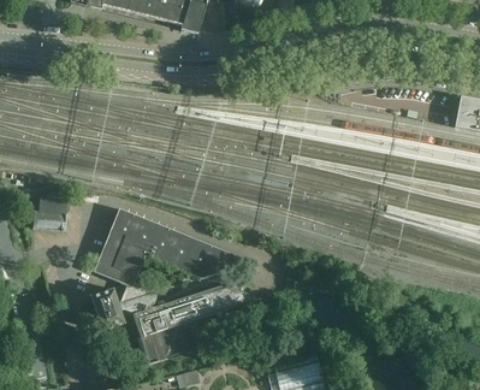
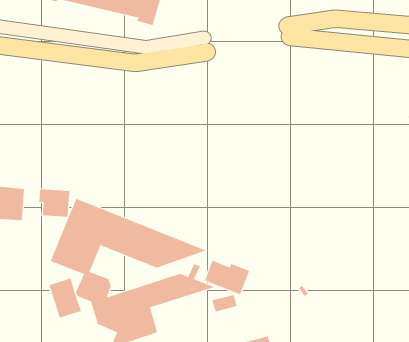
building: none -> [39,188,70,218]
building: none -> [204,260,250,295]

